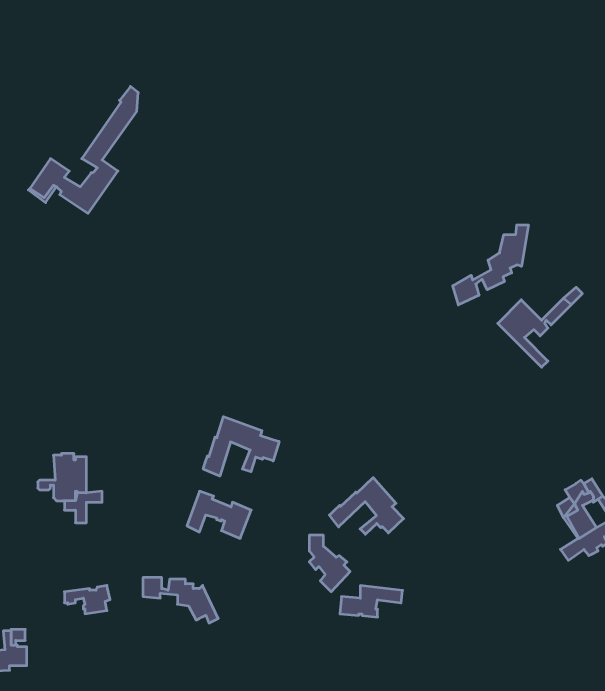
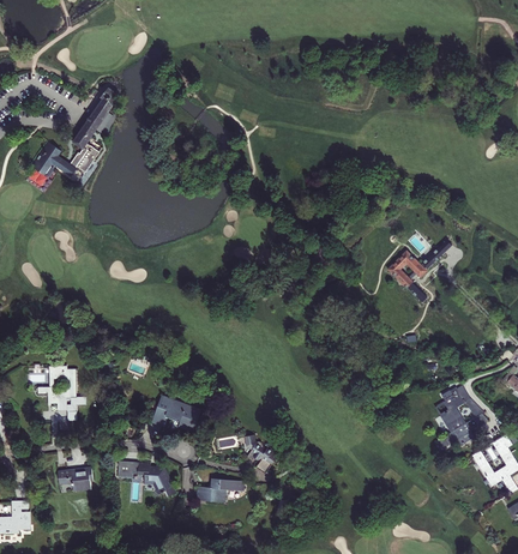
building: [453,225,528,305] -> none
building: [203,417,279,476] -> none
building: [329,478,404,534] -> none
building: [340,586,403,617] -> [197,478,245,502]

